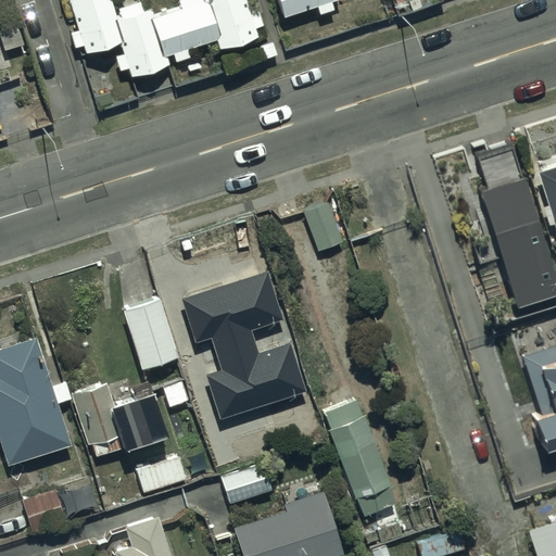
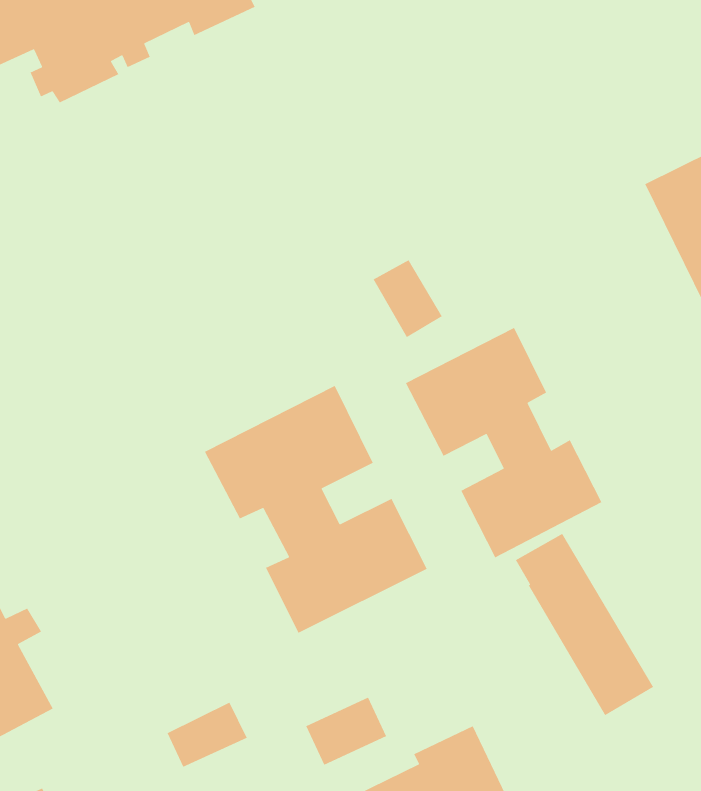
building: none -> [405,327,603,559]
building: [122,298,177,367] -> none
building: [77,384,166,457] -> none
building: [323,400,395,515] -> [515,533,654,716]

